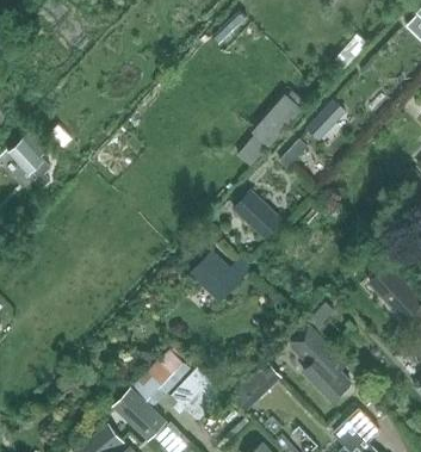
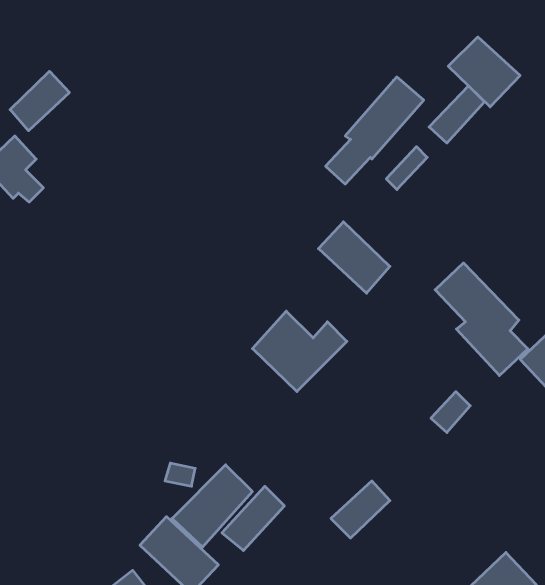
building: none -> [448,37,520,107]
building: none -> [10,71,69,131]
building: [287,327,349,402] -> [435,263,528,376]

